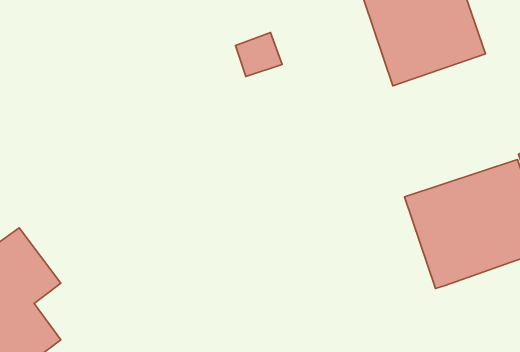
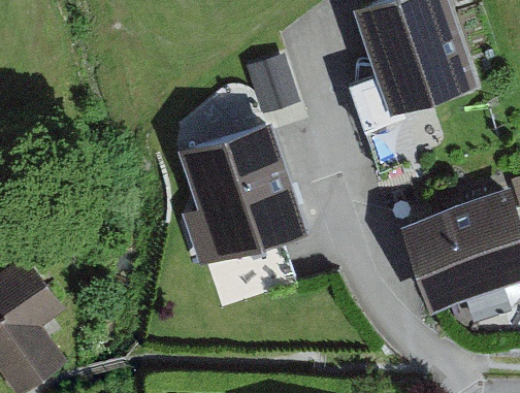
building: none -> [177,120,310,271]

